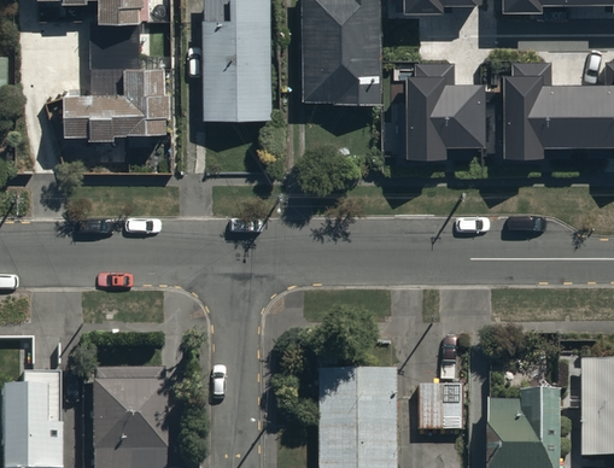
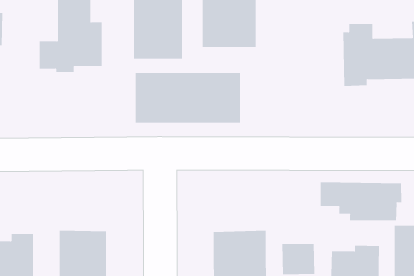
building: [409,66,486,159] -> none
building: none -> [135,72,241,124]
building: none -> [320,182,402,221]

